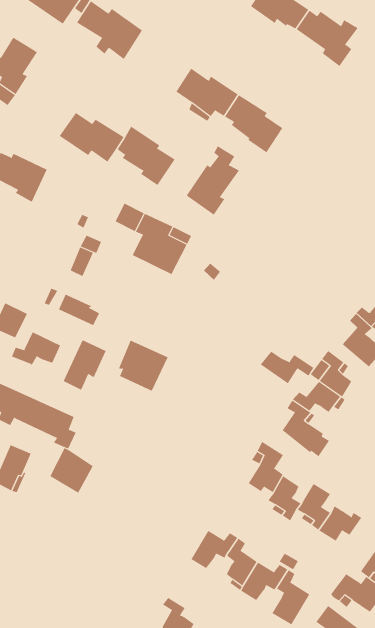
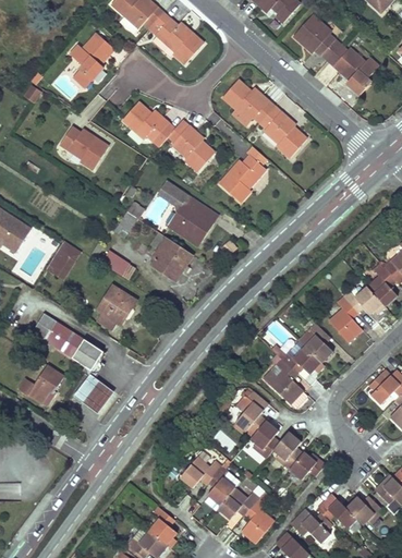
building: [11,331,61,366] -> none
building: [118,340,169,392] -> [150,235,193,280]
building: [260,351,314,384] -> none

